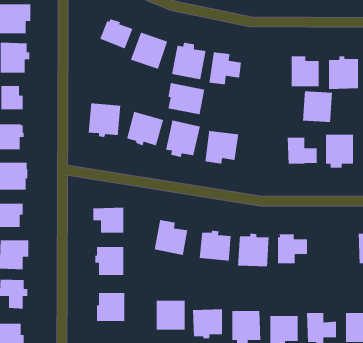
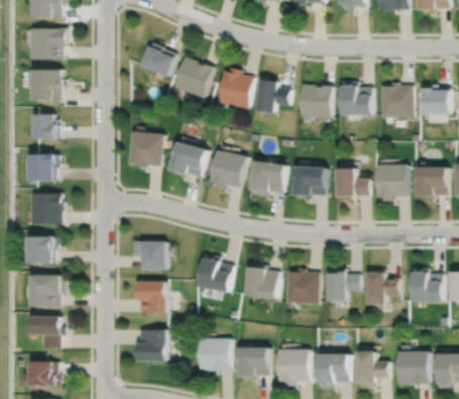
building: [167,82,205,115] -> none
building: [302,90,333,123] -> [299,83,331,117]
building: none -> [294,165,327,198]
building: none -> [367,269,398,304]

